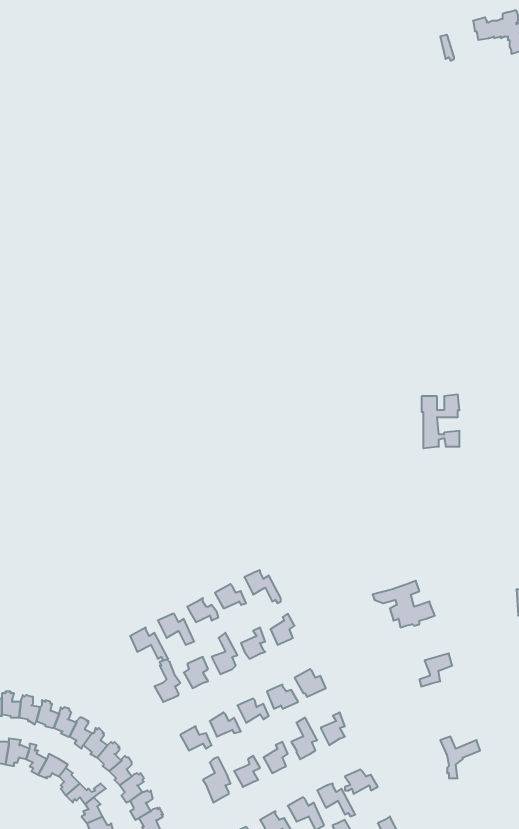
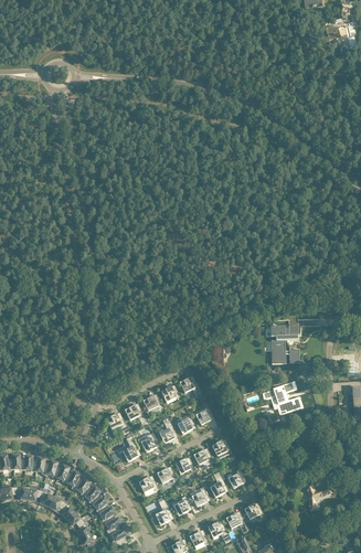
building: [422,395,460,448] -> [274,325,298,359]

